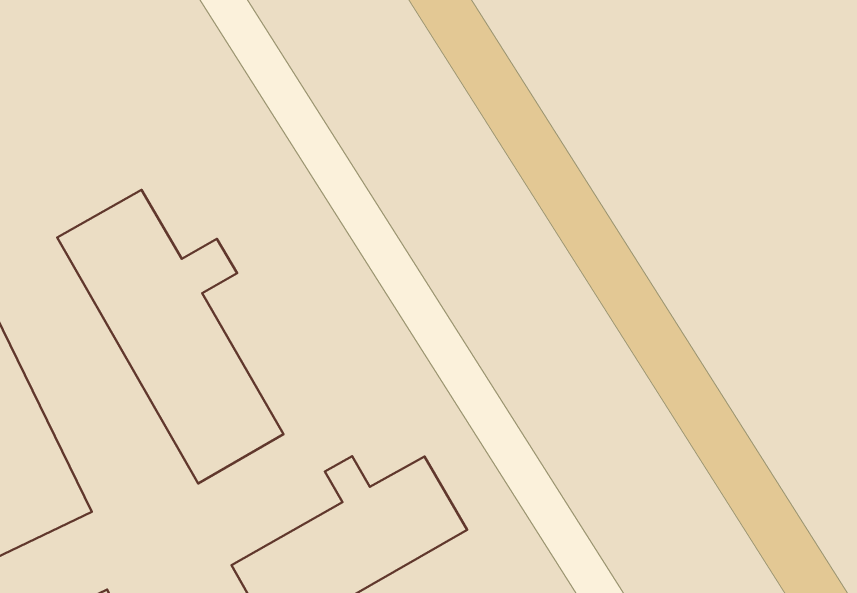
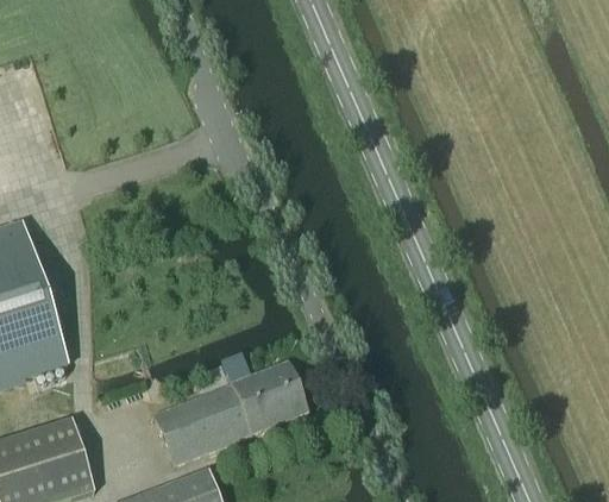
building: [57,190,283,484] -> none

